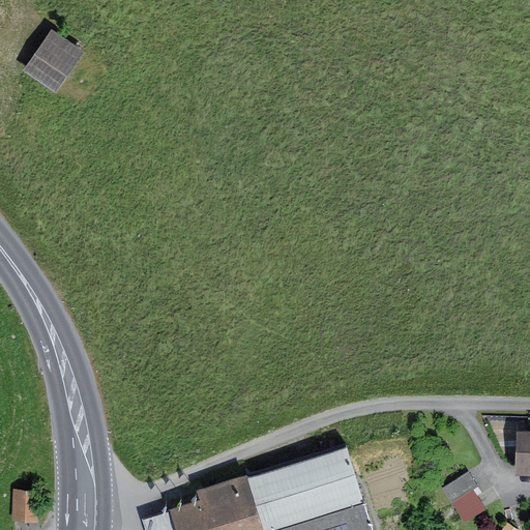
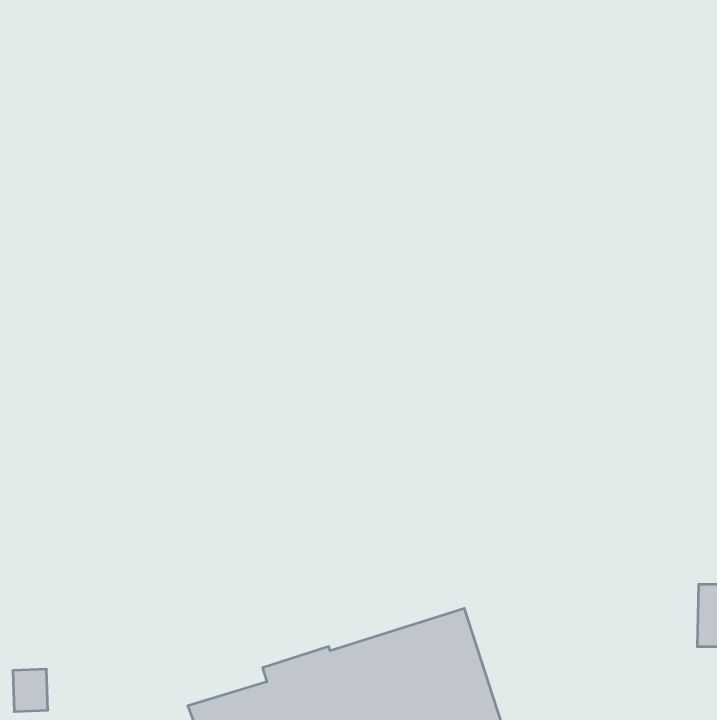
building: [23,30,84,92] -> none
building: [444,475,483,524] -> none

